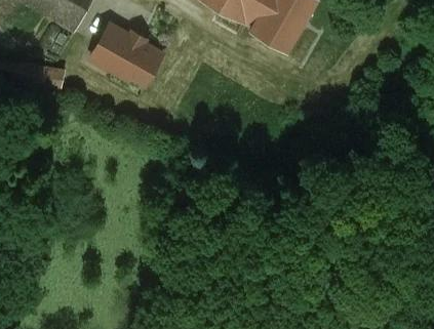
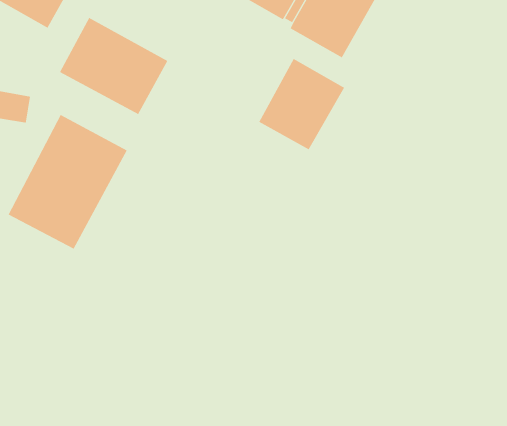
building: none -> [258,58,345,150]
building: none -> [8,114,127,249]

